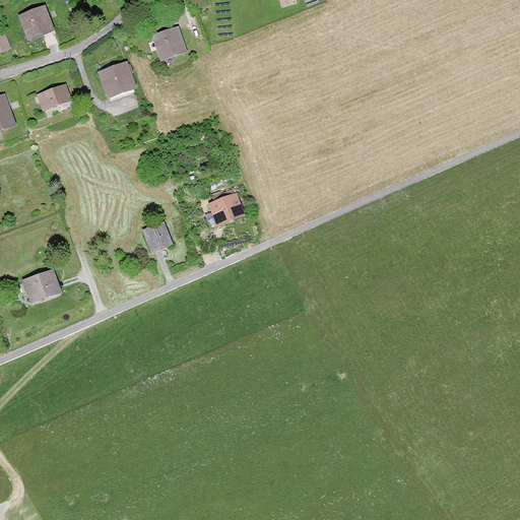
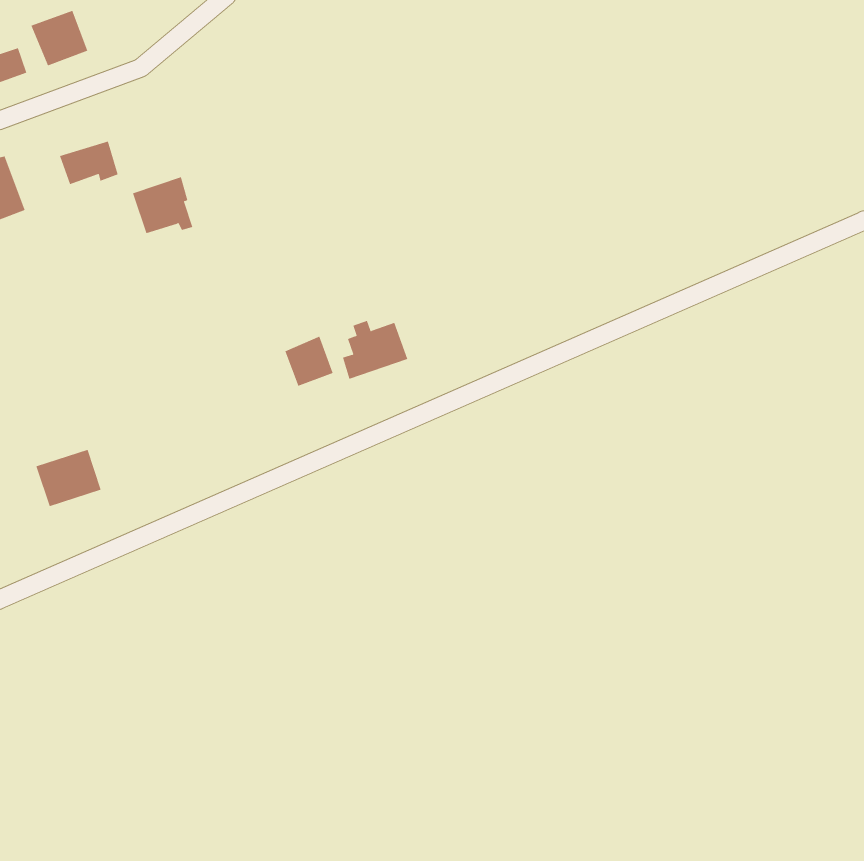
building: [152,26,186,60] -> none
building: [99,61,135,95] -> [132,176,193,234]
building: [142,222,172,253] -> [284,336,334,387]

